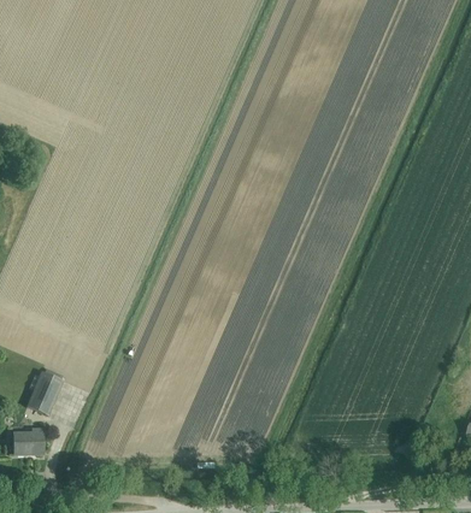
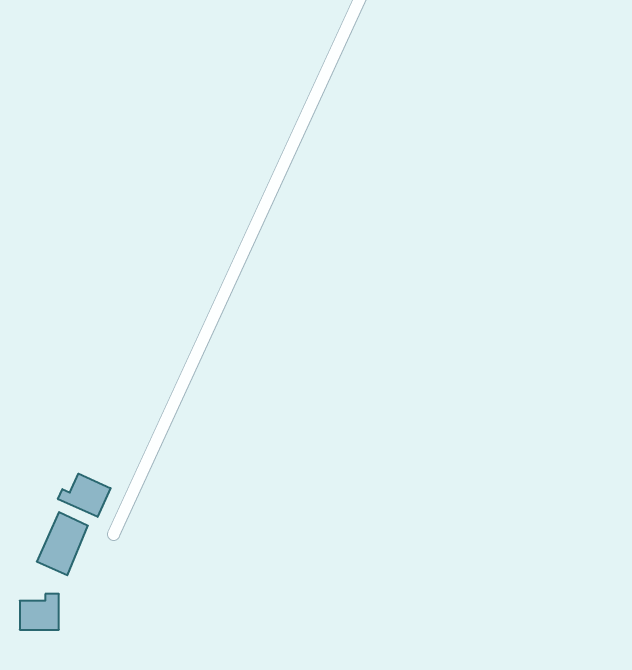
building: none -> [58,474,111,517]

